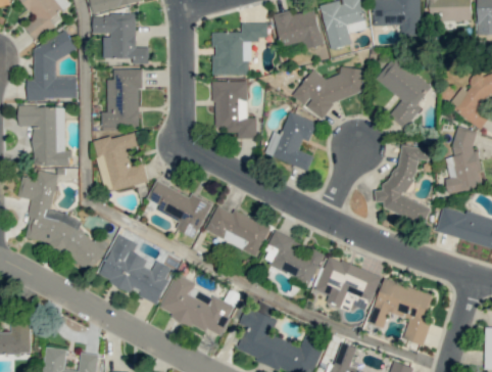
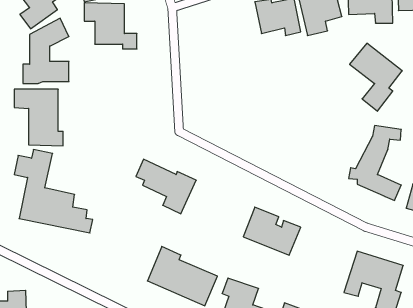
building: [212,24,266,75] -> none
building: [292,67,363,119] -> none
building: [101,69,141,128] -> none
building: [213,82,256,139] -> none
building: [264,112,315,171] -> none
building: [93,132,147,192] -> none
building: [205,205,269,255] -> none
building: [98,234,170,305] -> none
building: [314,255,380,311] -> none

